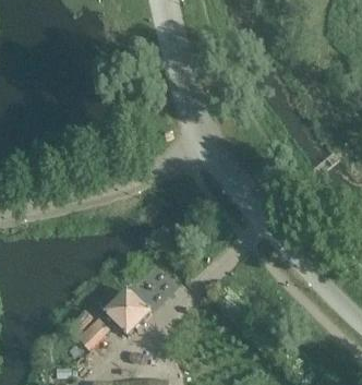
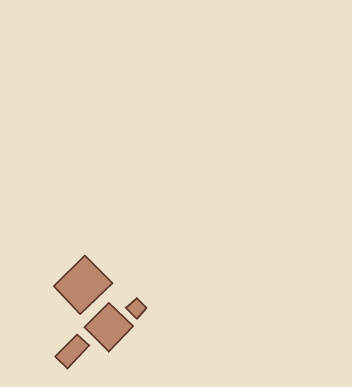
building: none -> [54,256,112,314]

